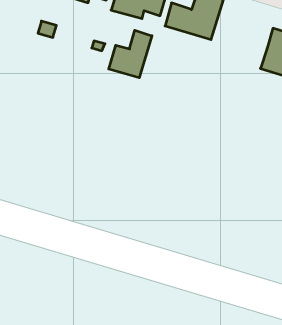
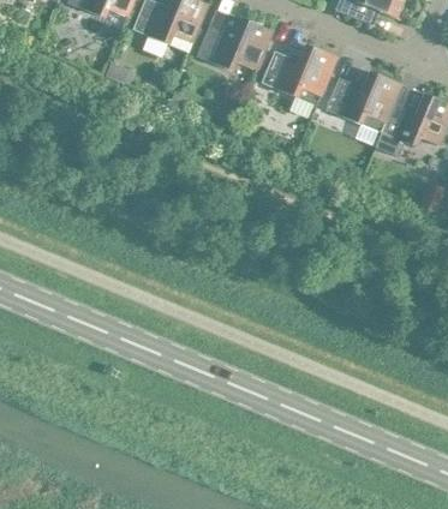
building: none -> [325,70,400,124]
building: [109,30,152,78] -> none

